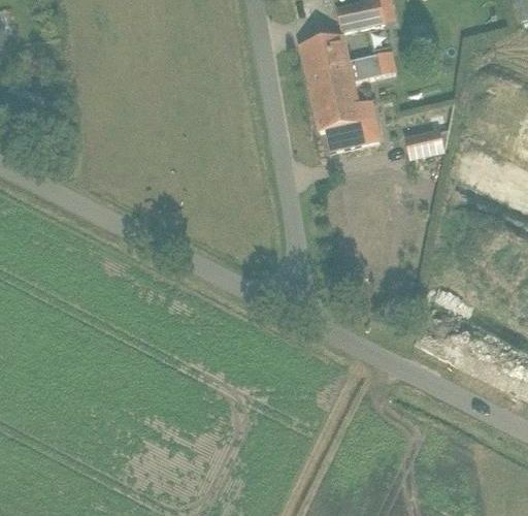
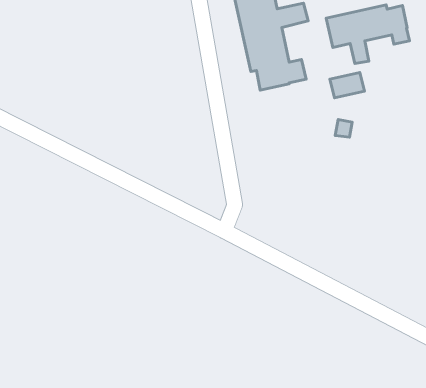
building: none -> [326,5,409,64]

